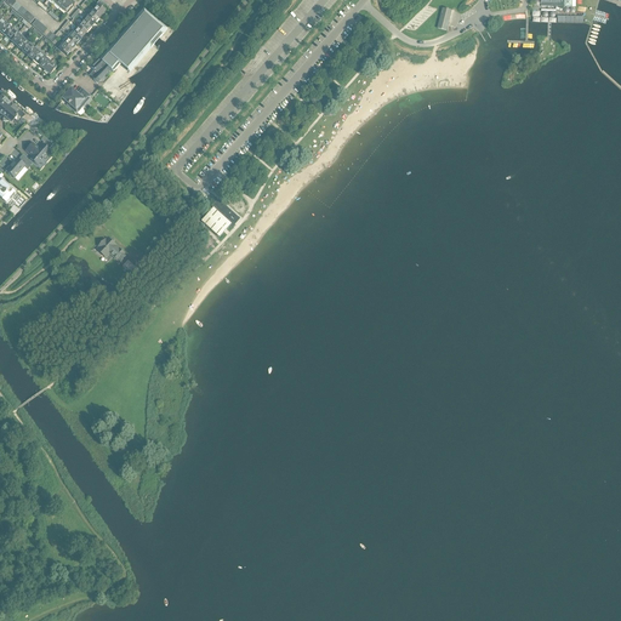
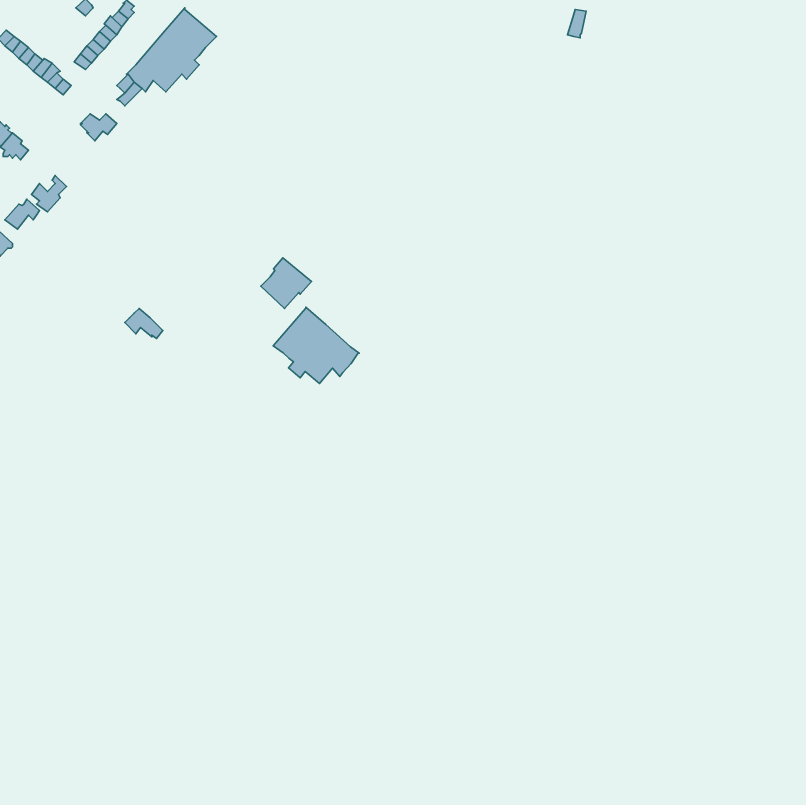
building: none -> [273,307,359,383]

